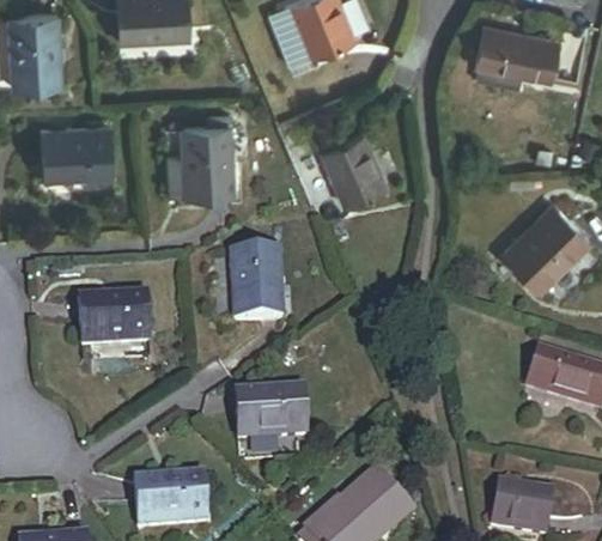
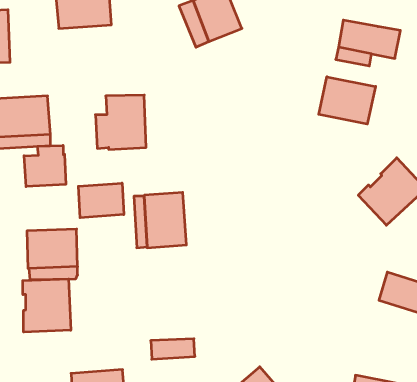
building: none -> [319,77,376,124]
building: [323,132,387,201] -> none
building: none -> [24,145,66,187]
building: none -> [78,183,124,218]
building: none -> [23,279,71,332]
building: [237,387,305,436] -> none

